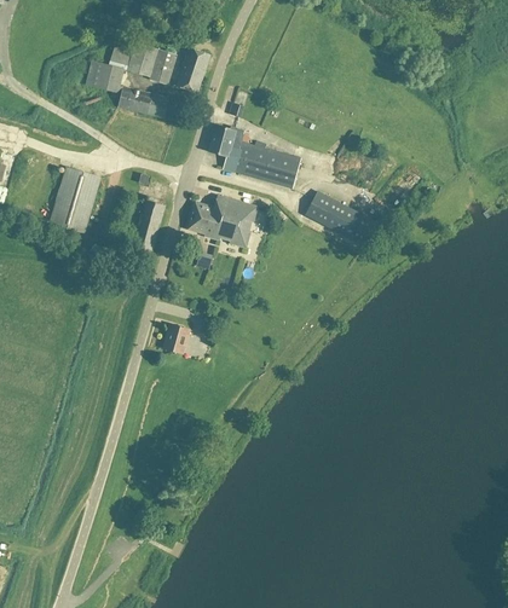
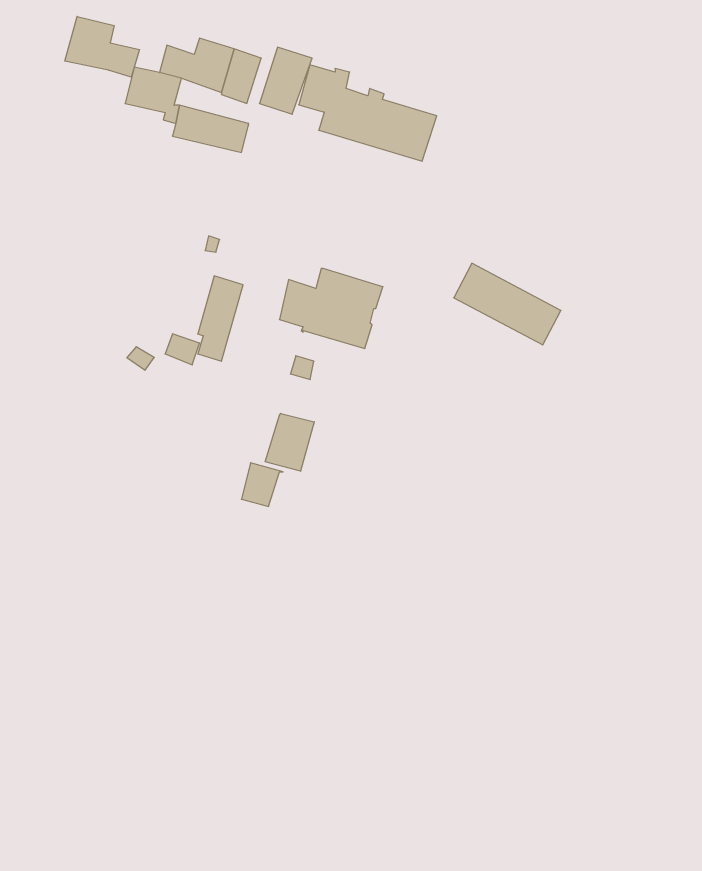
building: none -> [65,16,139,77]
building: [209,123,301,187] -> [299,65,437,161]
building: [50,166,100,232] -> none
building: none -> [265,413,314,471]

